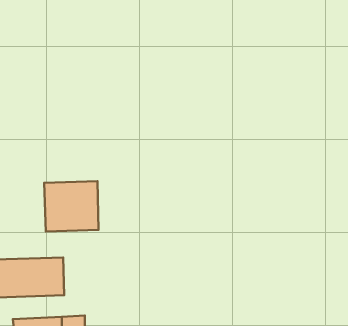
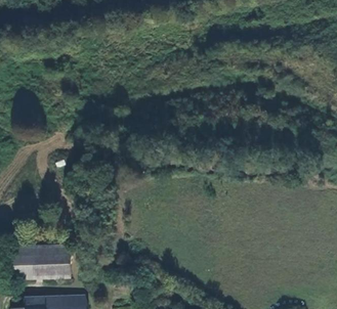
building: [44,181,98,232] -> none

